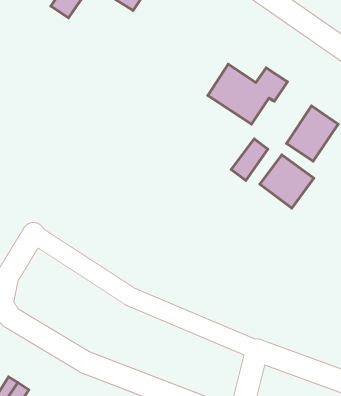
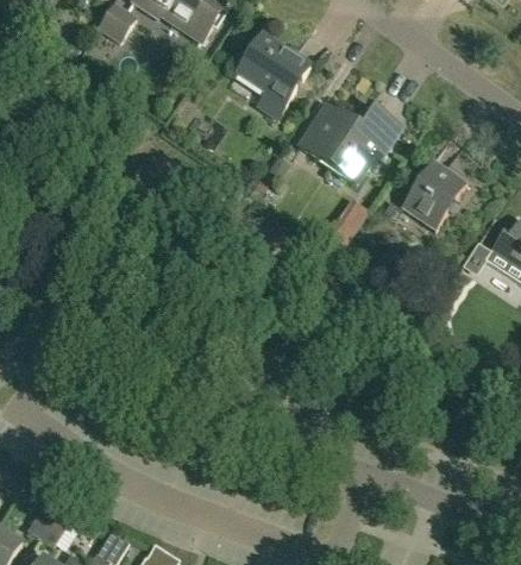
building: none -> [237,34,309,117]
building: [260,155,314,208] -> none

